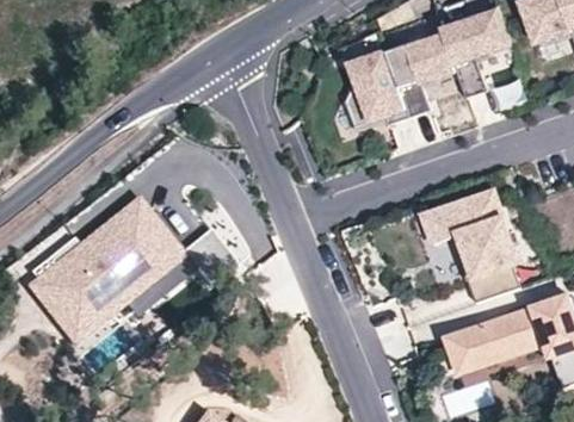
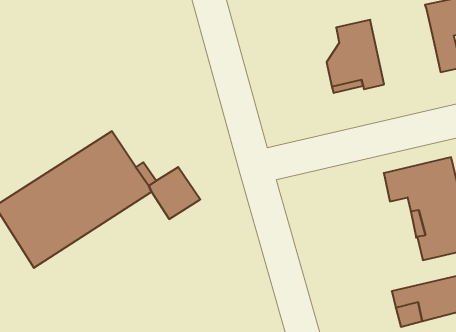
building: [390,37,459,119] -> none

